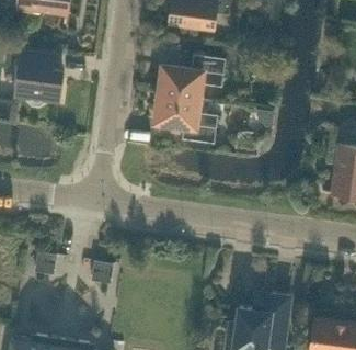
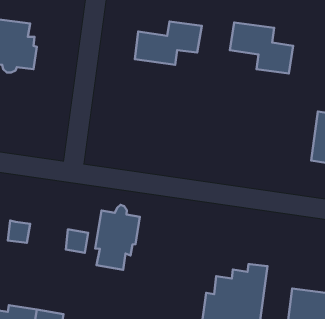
building: [154,92,217,143] -> [230,22,293,74]
building: none -> [95,205,140,270]

